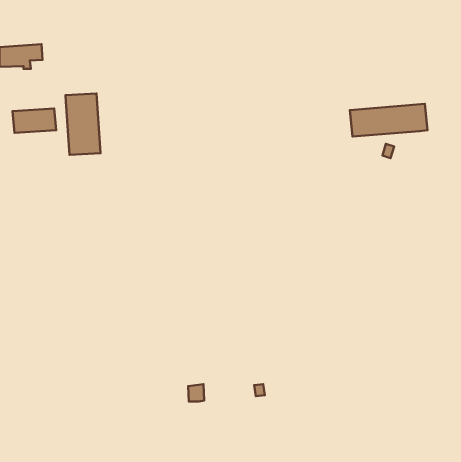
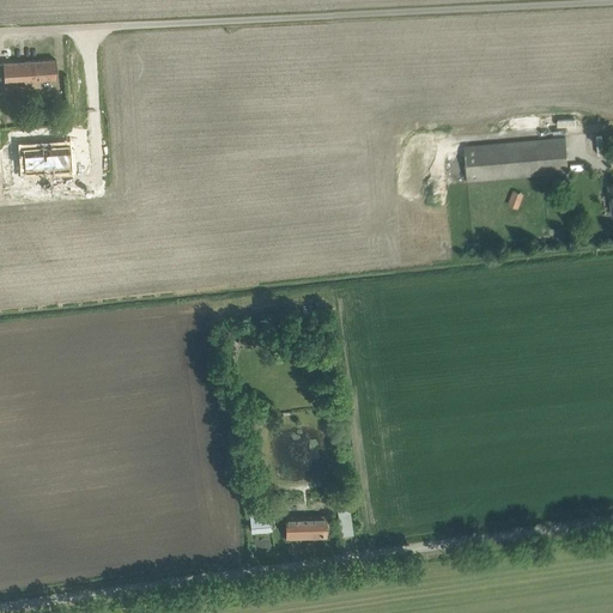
building: [66,93,100,155] -> none
building: none -> [285,517,324,538]

